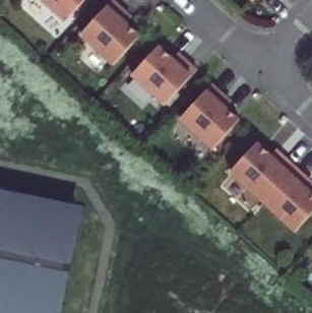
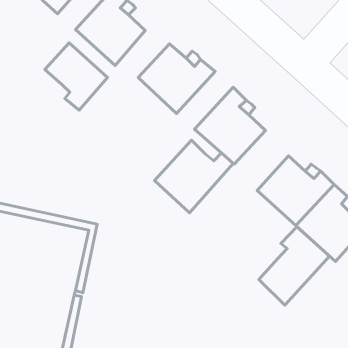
building: none -> [45,43,107,110]
building: none -> [154,140,233,213]
building: none -> [259,227,329,305]

